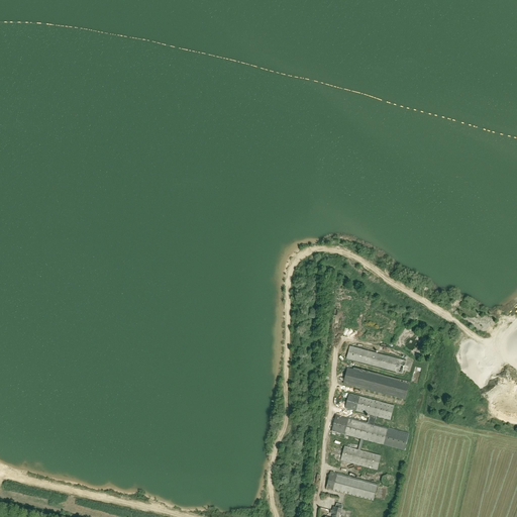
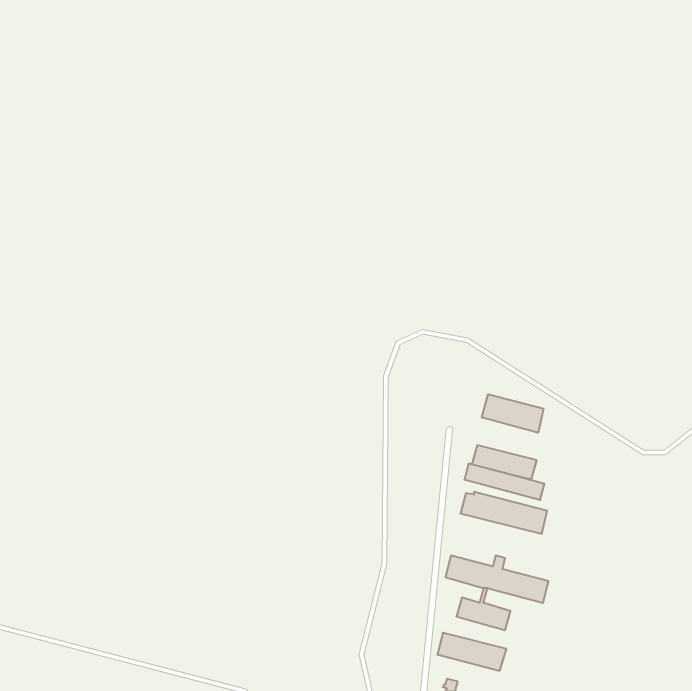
building: none -> [482,394,543,433]
building: [345,394,394,419] -> [472,445,537,479]

